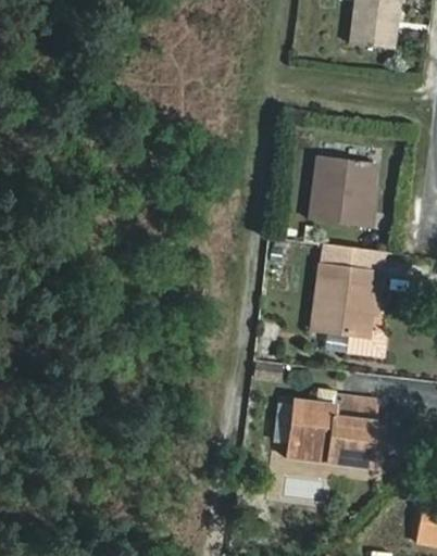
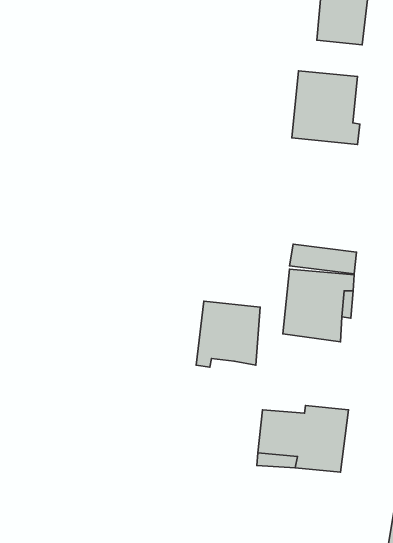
building: [309,156,374,227] -> [292,71,360,144]
building: none -> [196,301,260,367]

